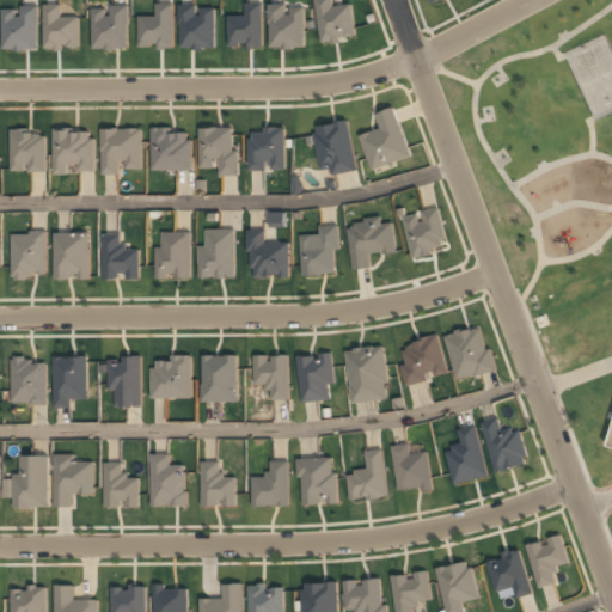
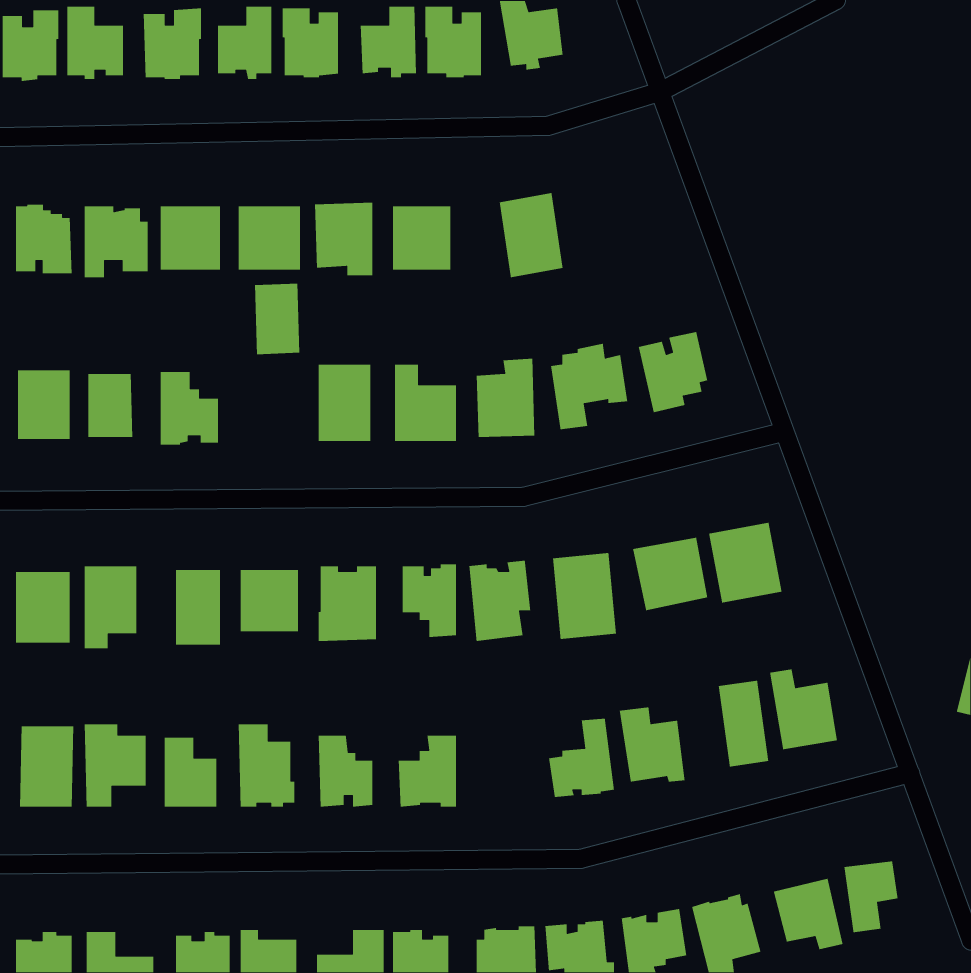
building: [360,108,408,167] -> none
building: [159,232,188,277] -> [254,283,300,355]
building: [295,457,337,504] -> none

